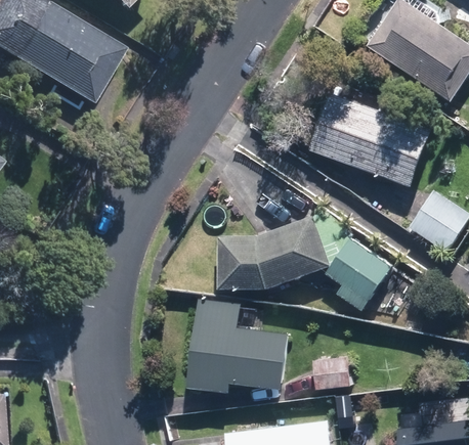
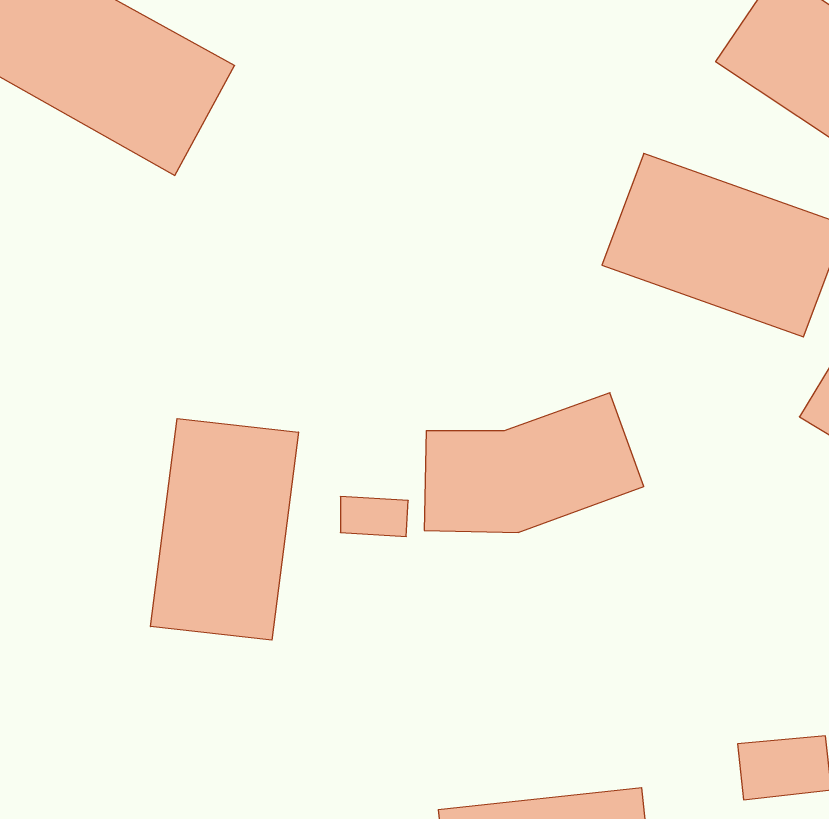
building: none -> [151,419,298,640]
building: [327,238,392,311] -> none
building: [185,299,290,391] -> none

